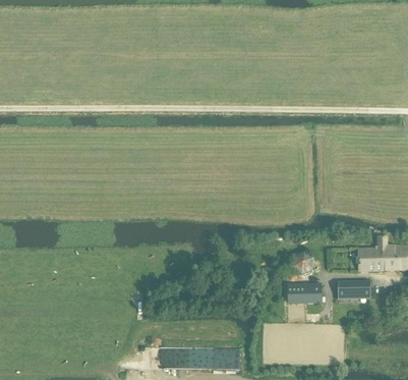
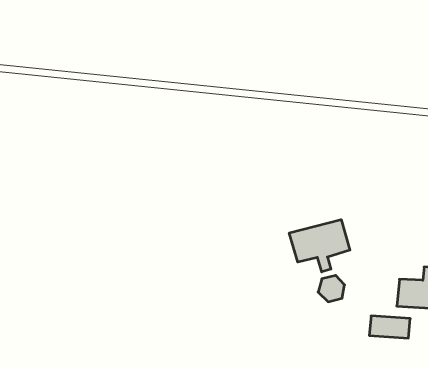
building: none -> [289,220,350,272]
building: [287,283,320,303] -> none

